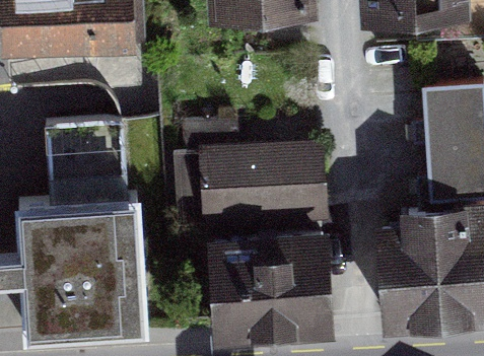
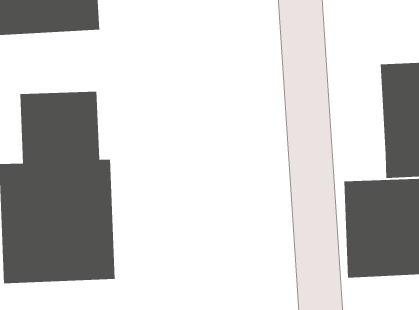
building: [198,140,324,216] -> none
building: [214,233,326,331] -> none

